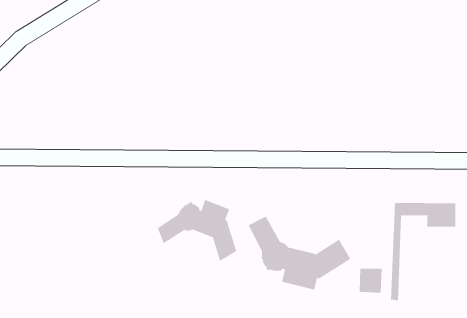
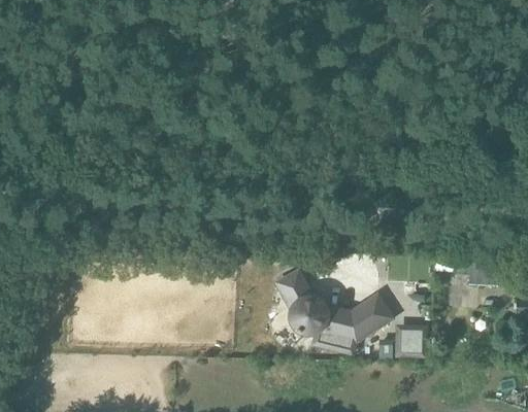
building: [157,199,237,262] -> none

